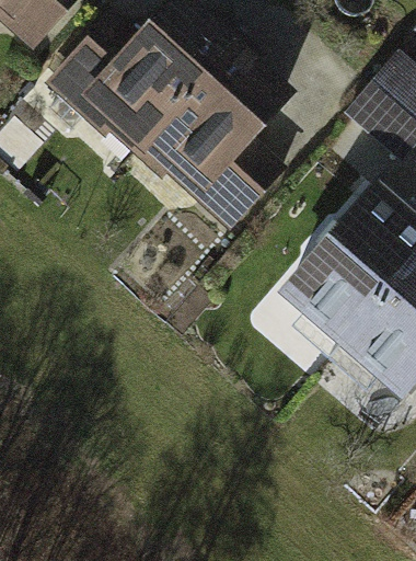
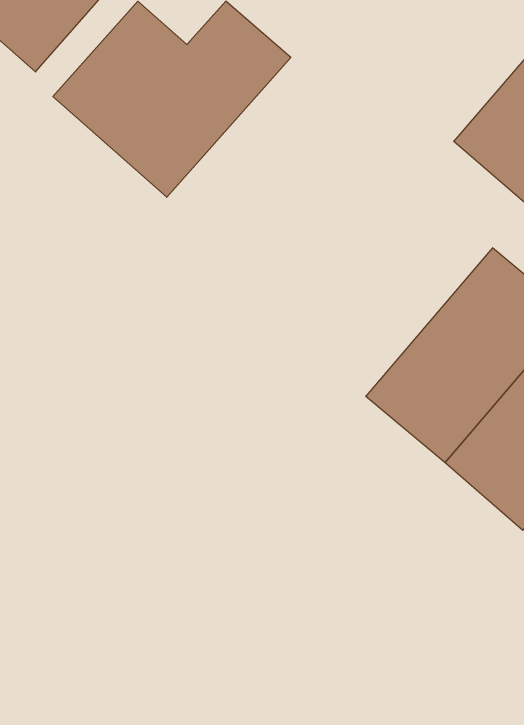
building: [128,44,287,228] -> none

